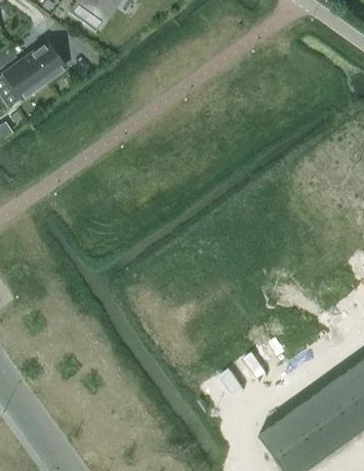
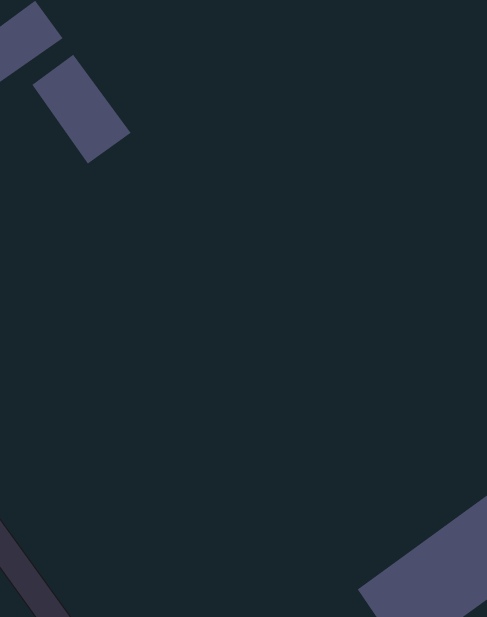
building: none -> [32,54,132,165]

